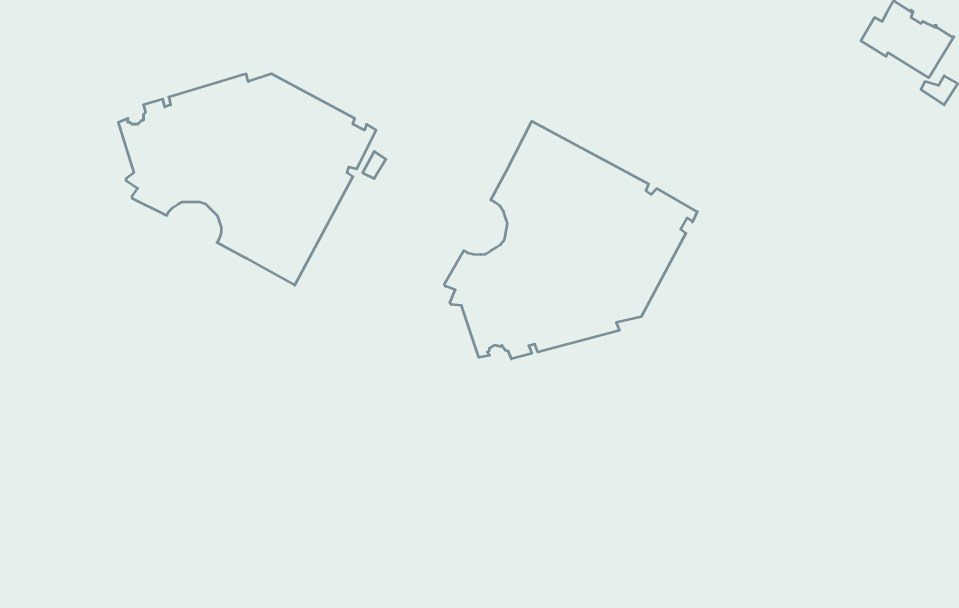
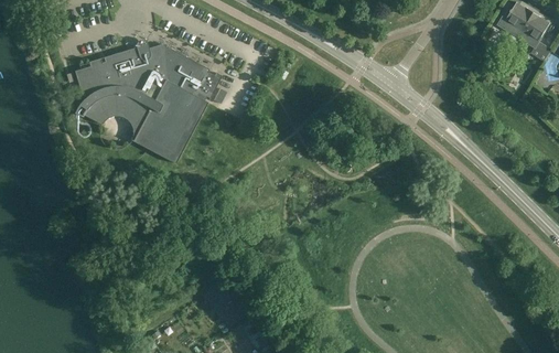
building: [444,121,697,359] -> none

